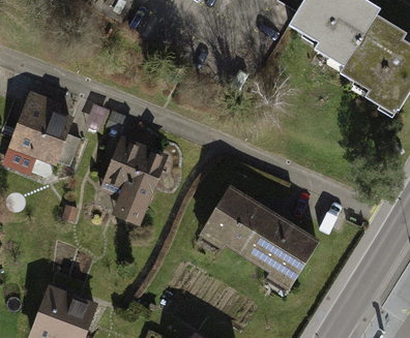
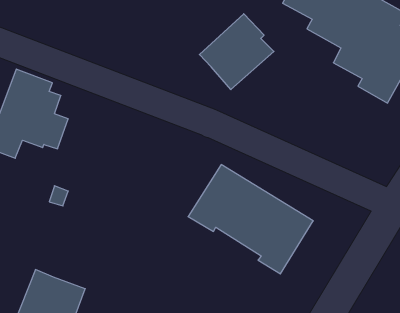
building: none -> [199,14,274,90]
building: [98,134,169,224] -> none

